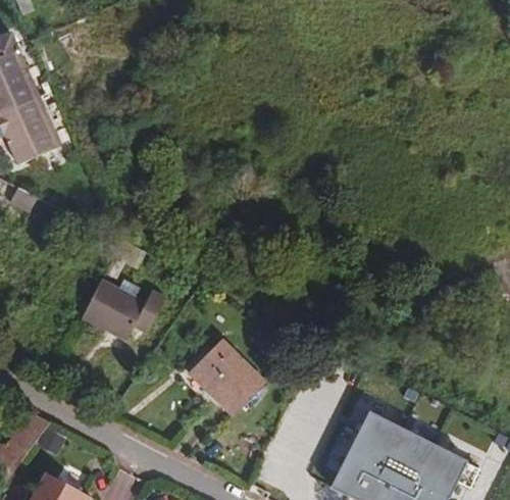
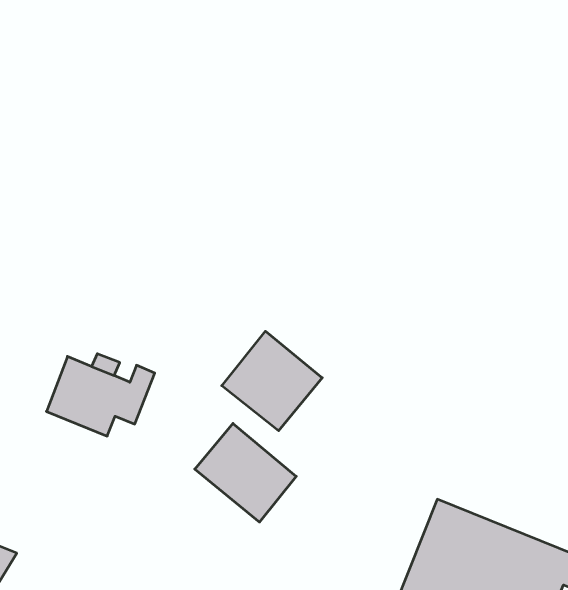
building: none -> [222,331,322,431]

